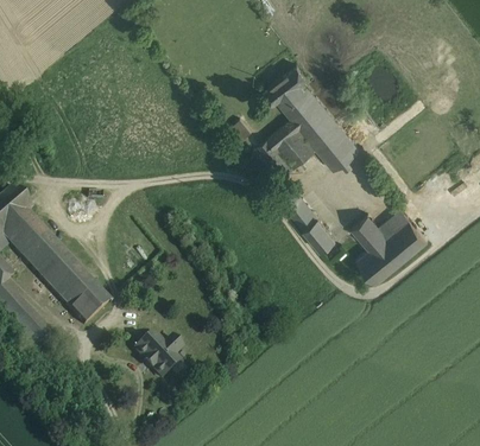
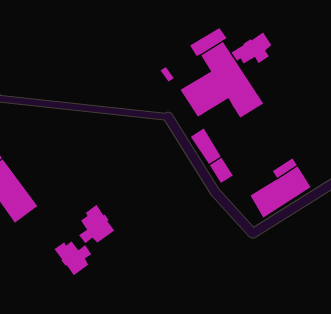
building: none -> [231,32,272,65]
building: [352,211,386,246] -> none
building: none -> [78,204,115,244]

